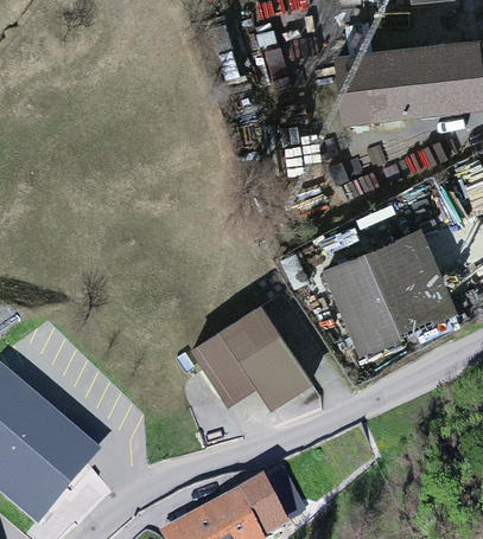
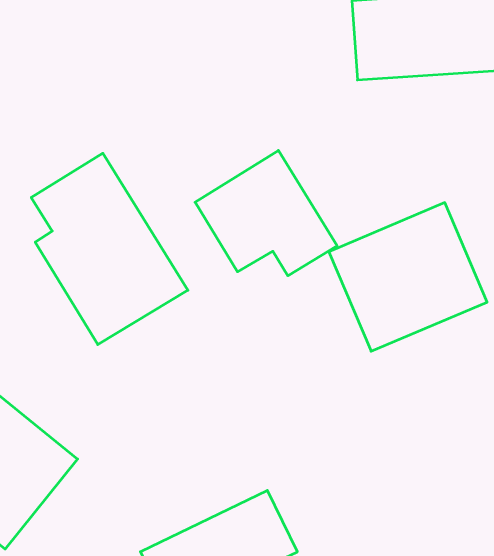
building: none -> [31,153,188,345]
building: [189,301,312,410] -> [195,150,337,276]

